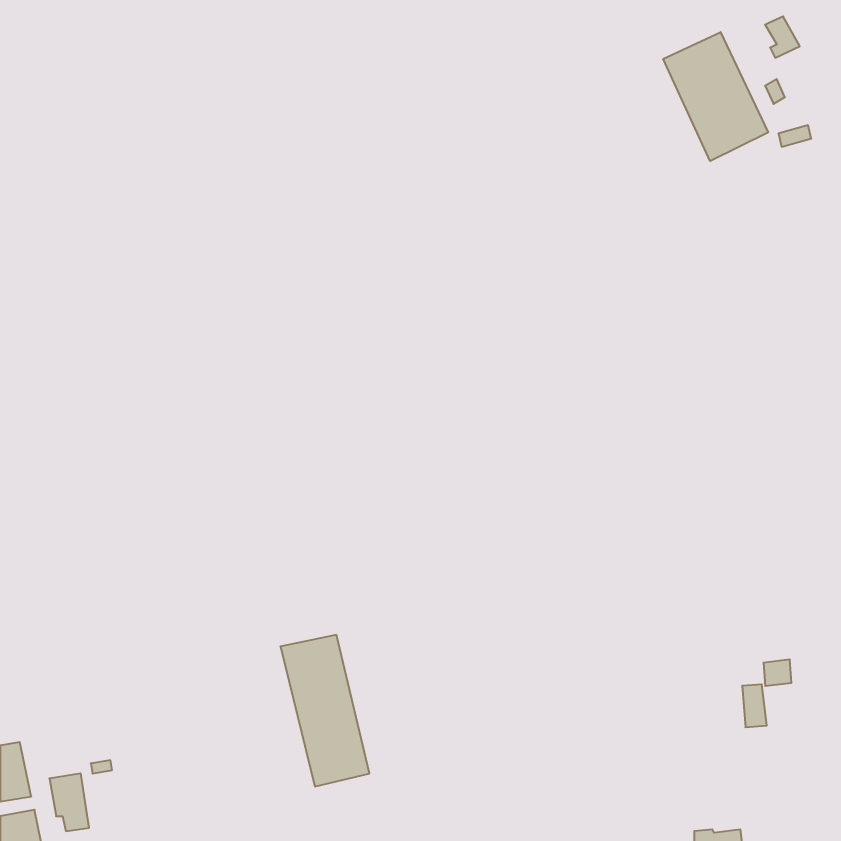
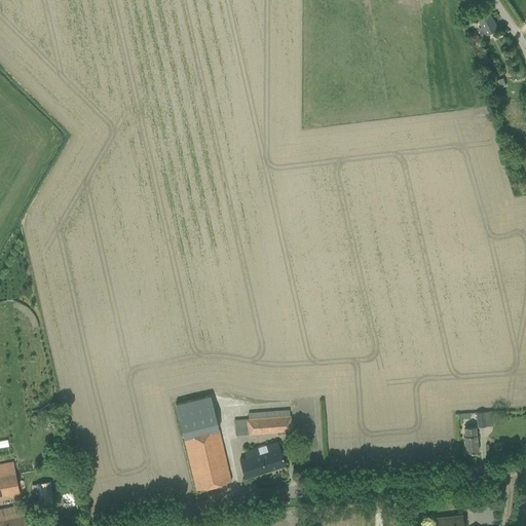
building: [663,32,768,161] -> none
building: none -> [234,411,292,435]
building: none -> [239,442,286,479]

